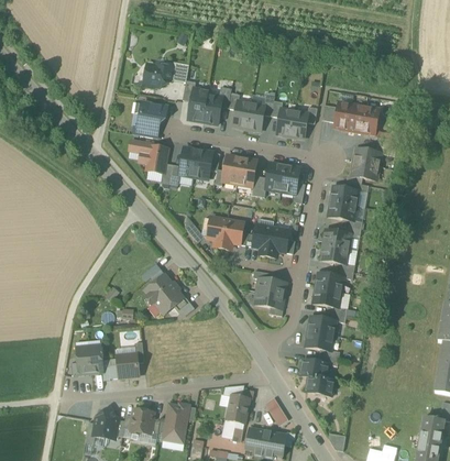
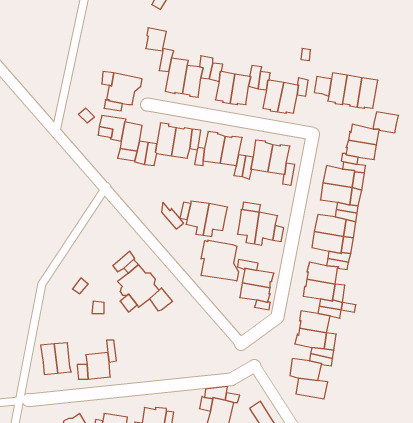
building: [142,64,172,87] -> none
building: none -> [201,240,239,281]

